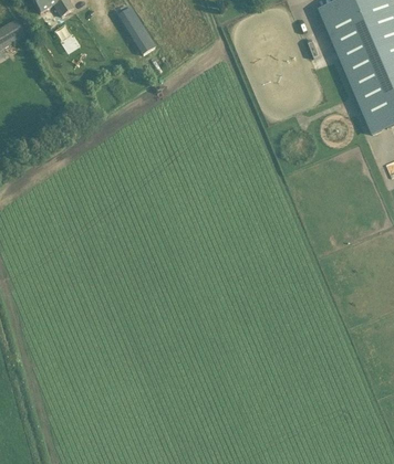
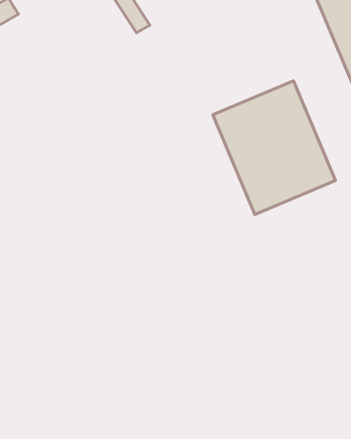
building: none -> [213,81,336,215]

